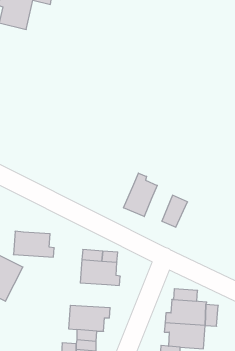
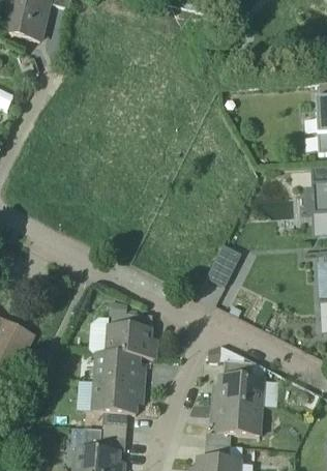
building: [124,173,157,217] -> none
building: [13,231,54,257] -> [94,352,145,384]

